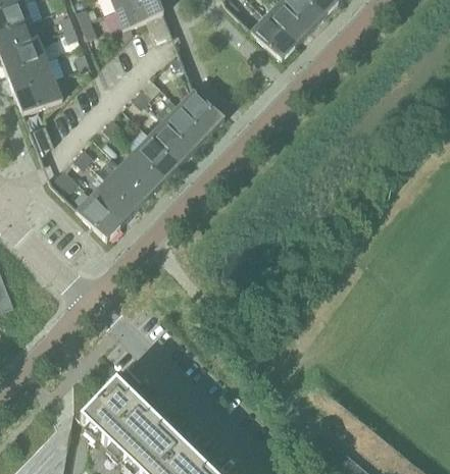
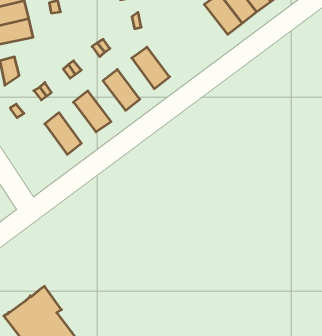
building: [163,102,208,147] -> none
building: [134,133,180,177] -> none
building: [105,162,150,207] -> none
building: [76,192,121,236] -> none

